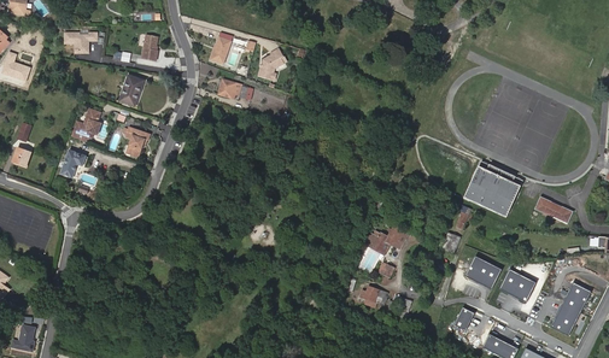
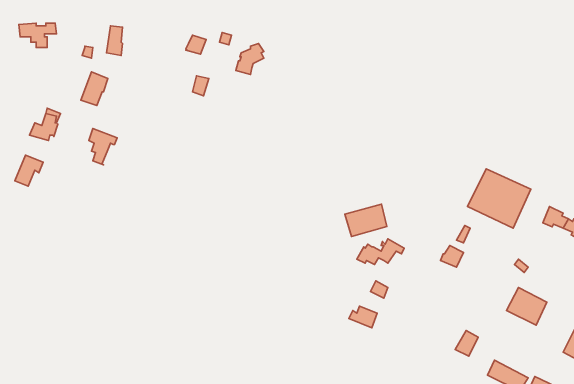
building: none -> [345,204,387,236]
building: [465,254,502,288] -> none

